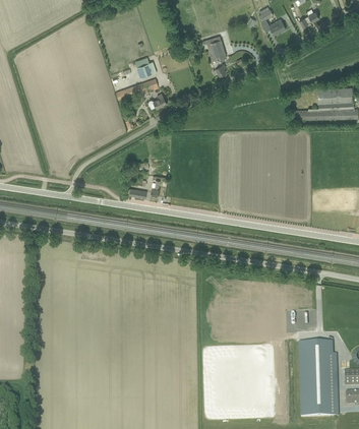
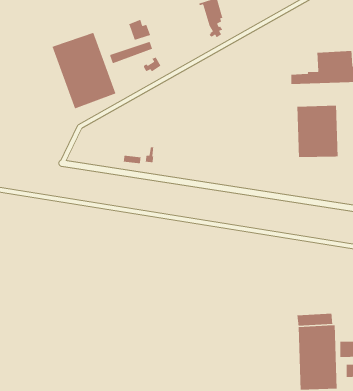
building: none -> [51,32,116,109]
building: none -> [296,105,338,158]

